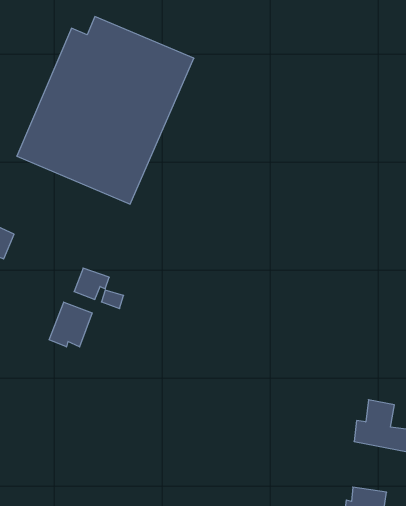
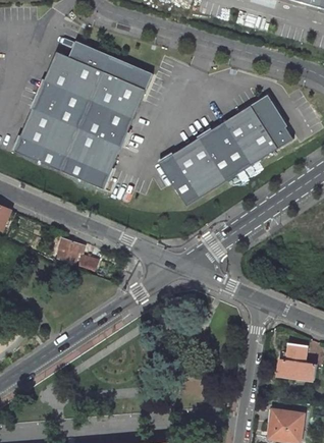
building: none -> [158,97,292,207]
building: [49,302,92,347] -> none

